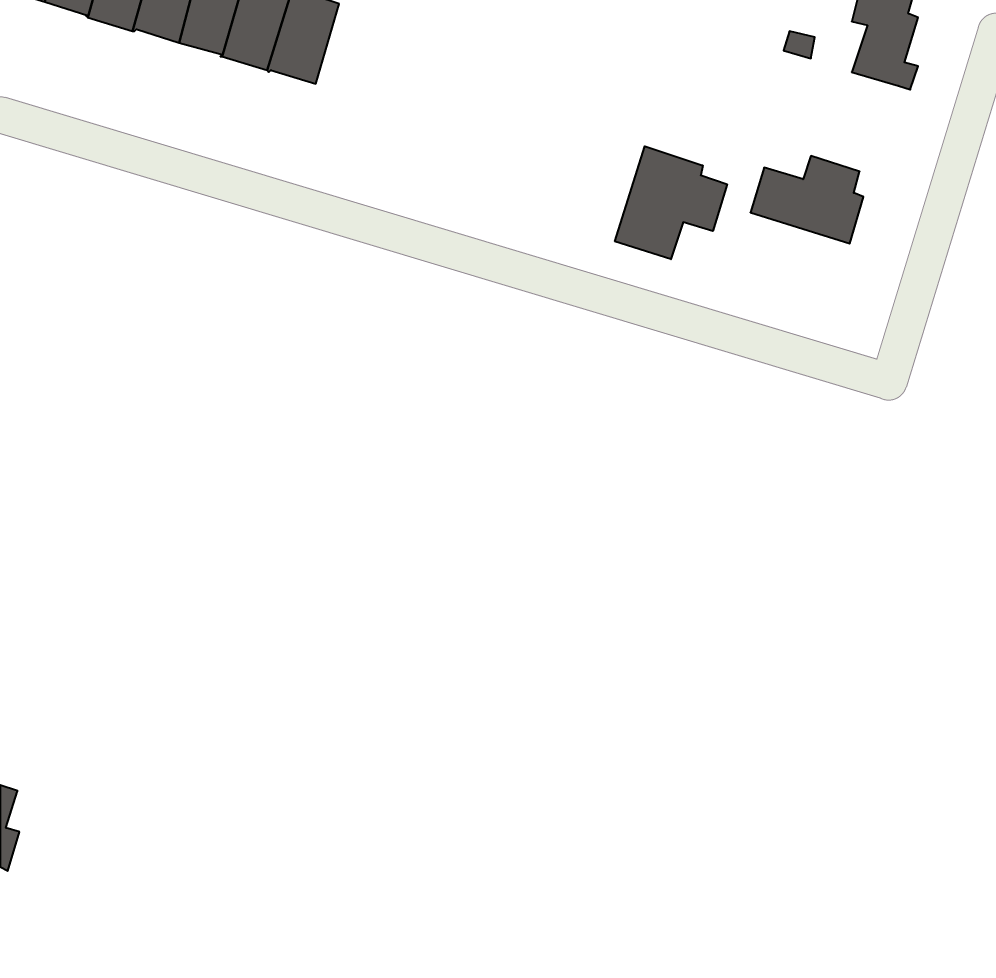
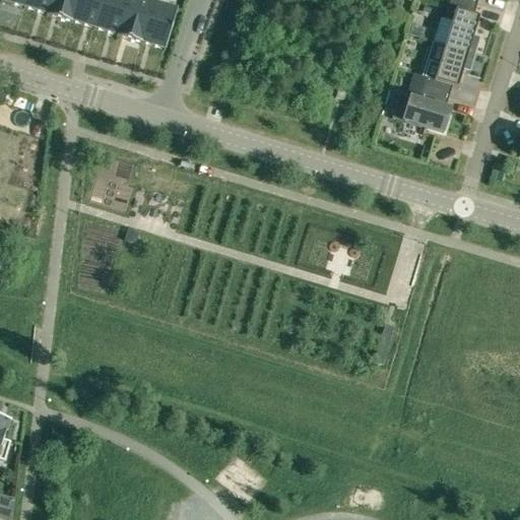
building: none -> [422,38,474,89]
building: [615,146,727,259] -> none

